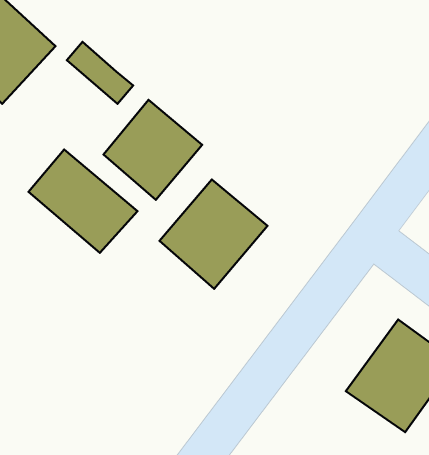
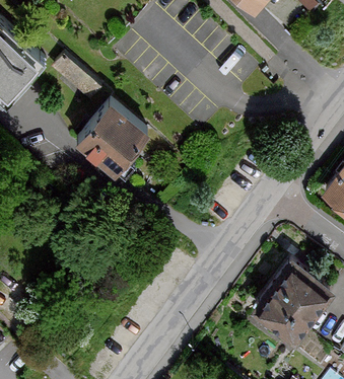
building: [28,149,137,253] -> none
building: [160,179,267,289] -> none

